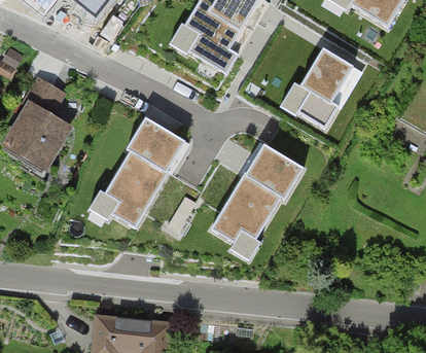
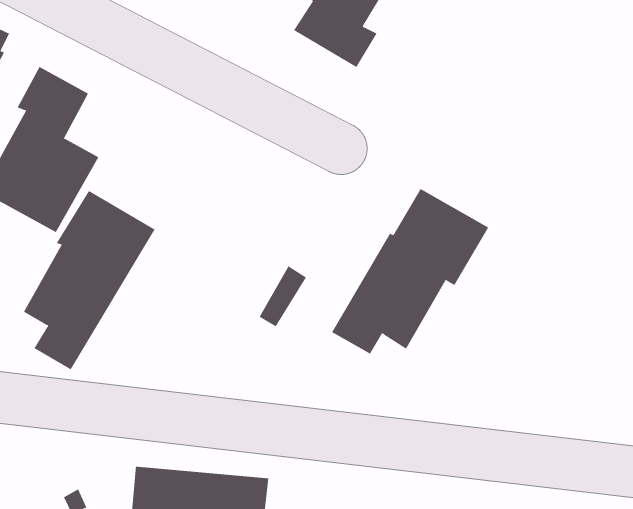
building: [296,47,353,131] -> none
building: [106,120,185,228] -> [23,190,155,370]

